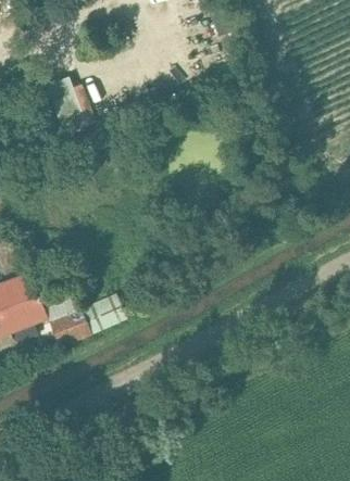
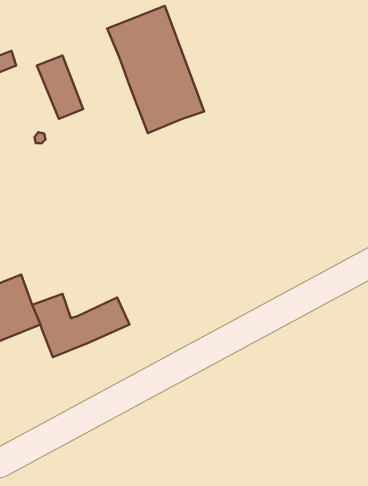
building: none -> [107,6,204,133]

